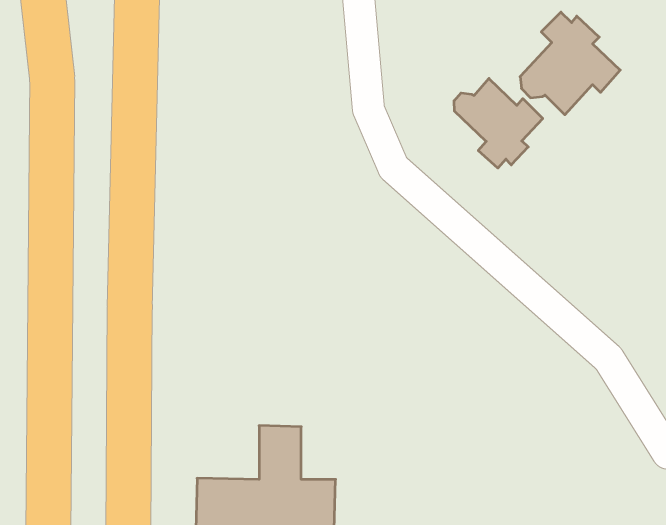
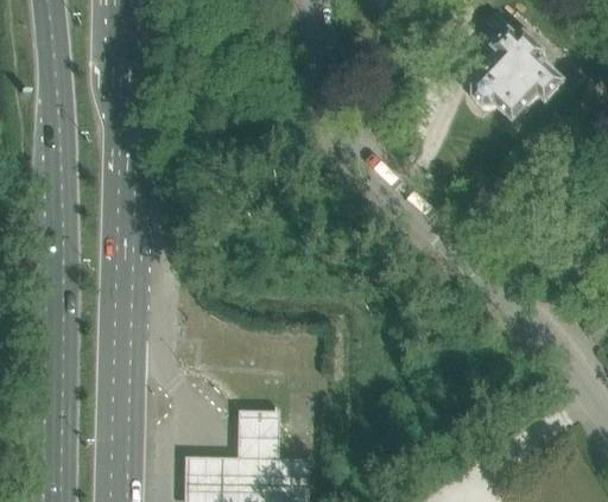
building: [454,78,543,168] -> none

